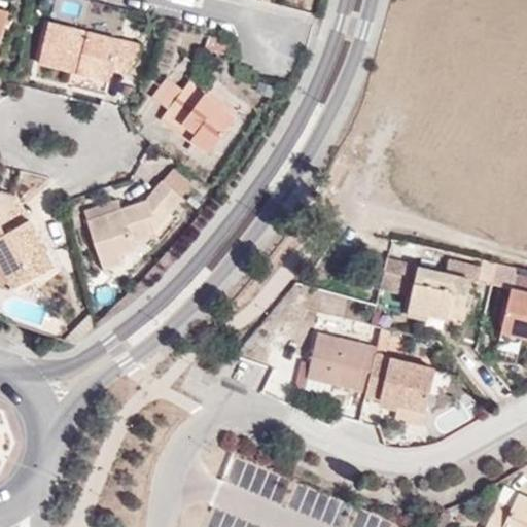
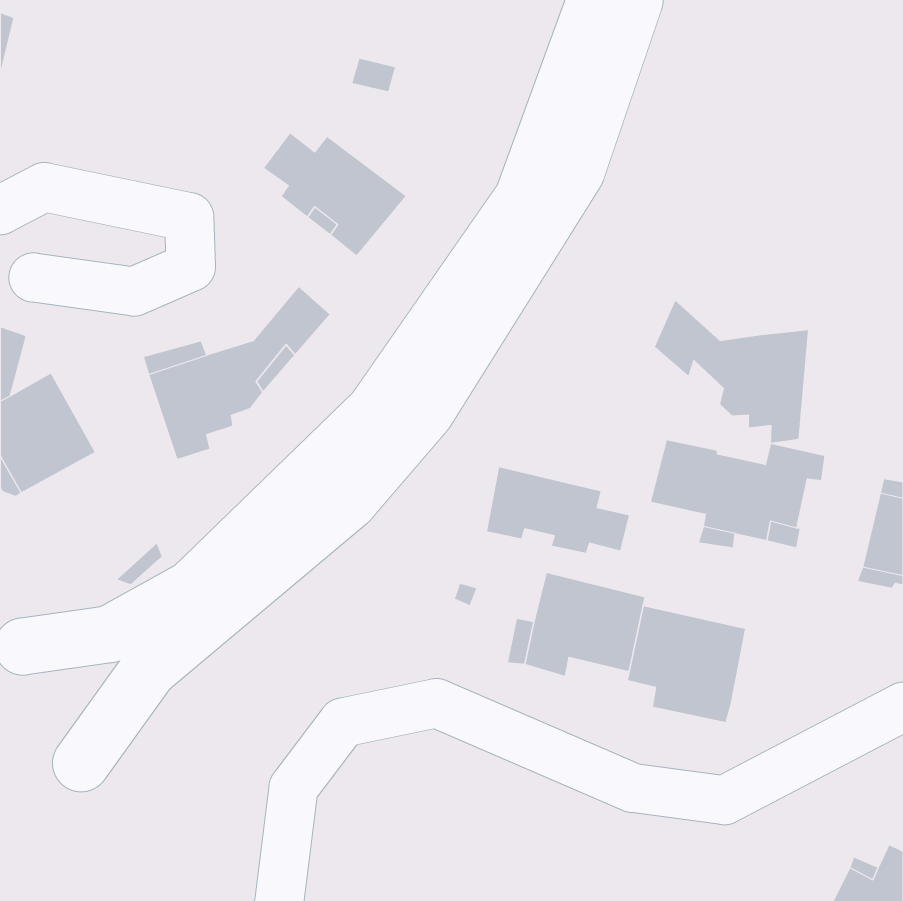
building: [38,21,140,80] -> none
building: none -> [654,300,808,443]
building: none -> [486,467,630,554]

